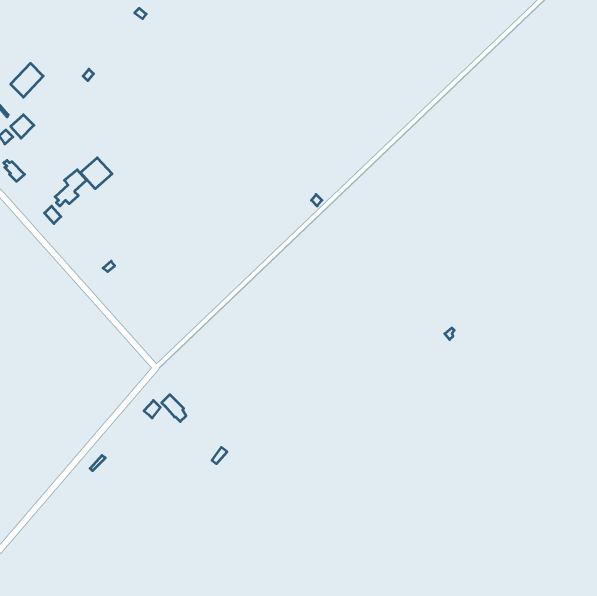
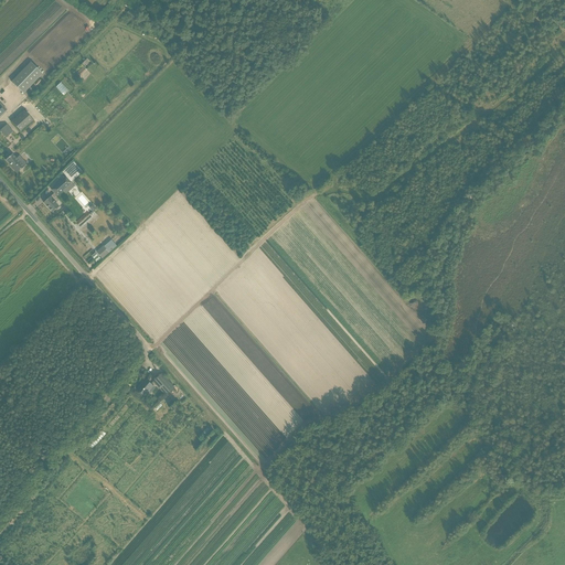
building: [80,158,112,189] -> none

